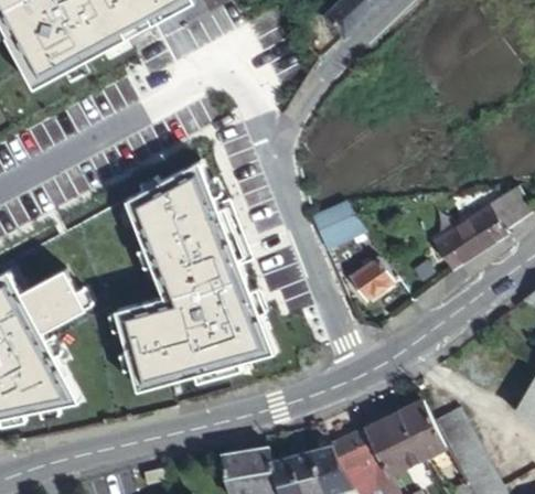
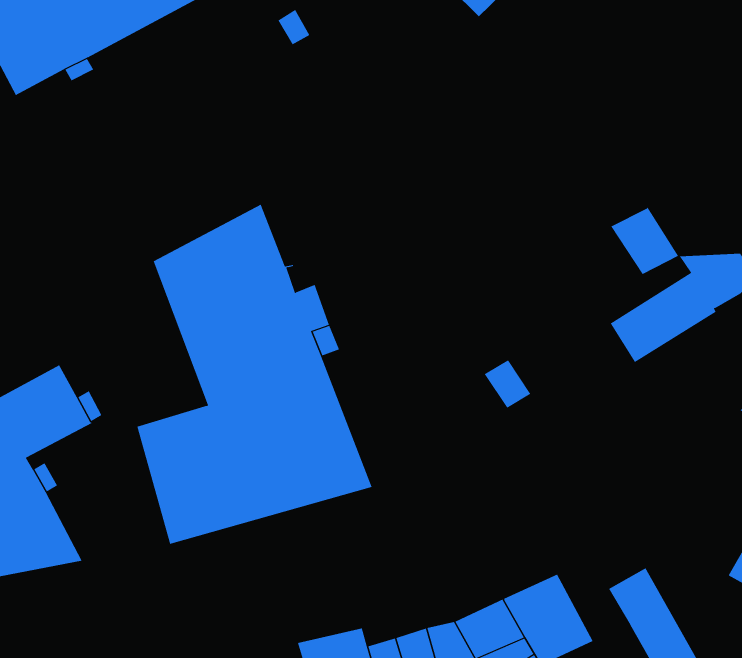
building: none -> [610,206,679,275]
building: [311,204,360,251] -> none
building: [398,401,447,458] -> none

